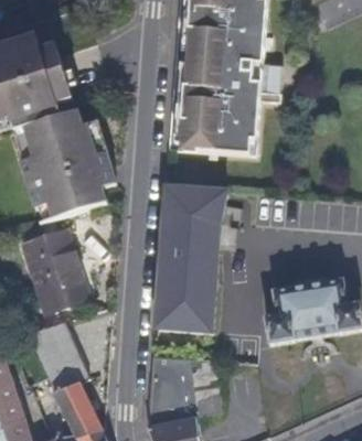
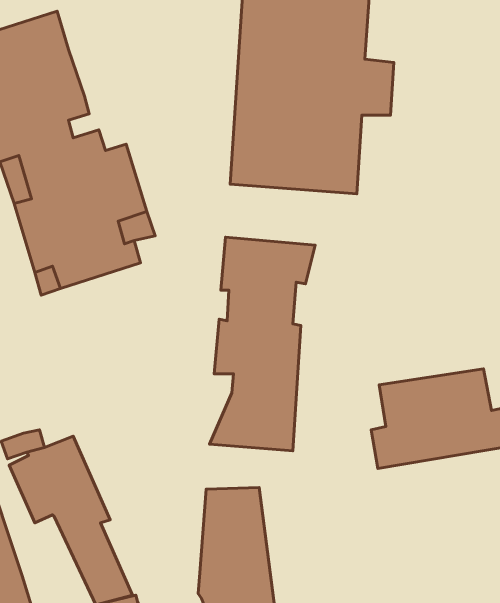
building: [22,229,89,313] -> none

